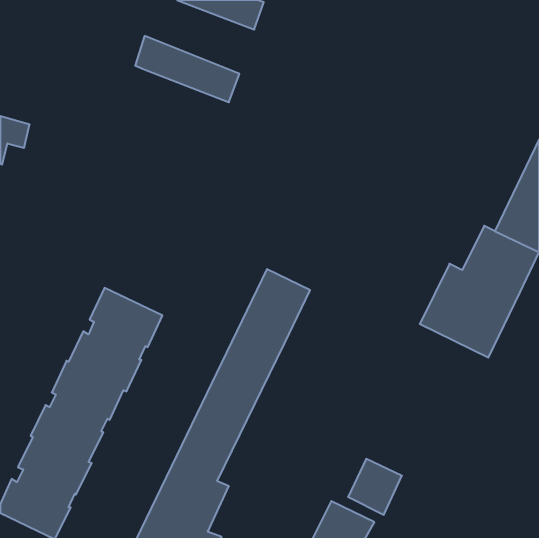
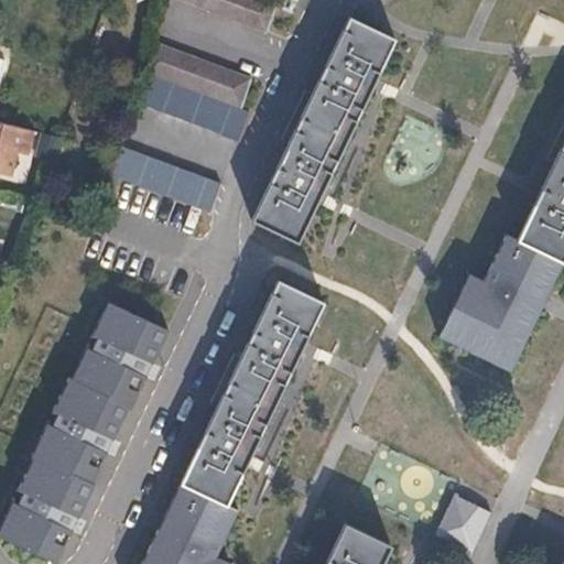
building: none -> [253,20,394,242]
building: none -> [141,74,249,140]
building: none -> [110,143,221,210]
building: [348,459,402,515] -> [435,497,491,555]

